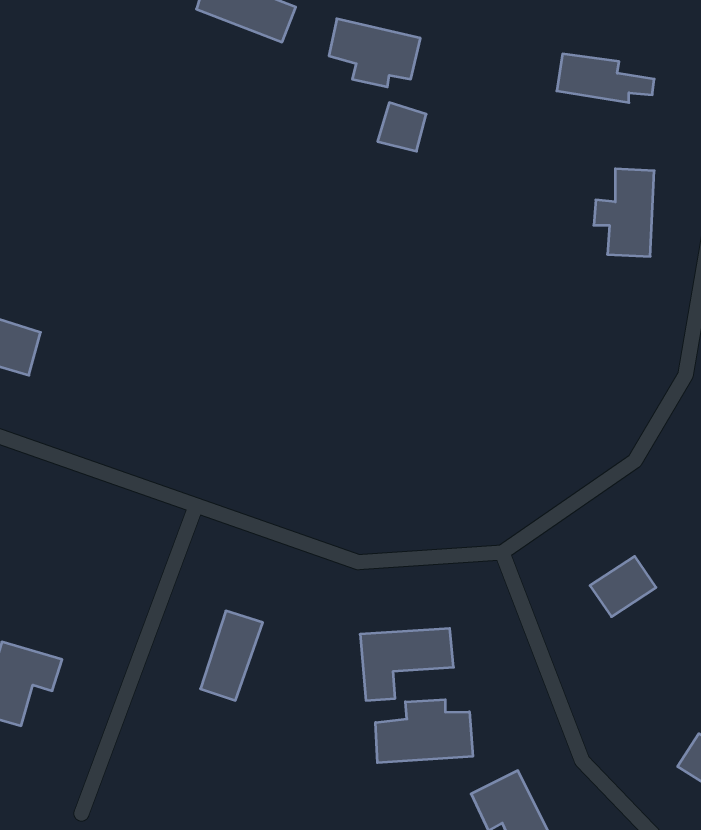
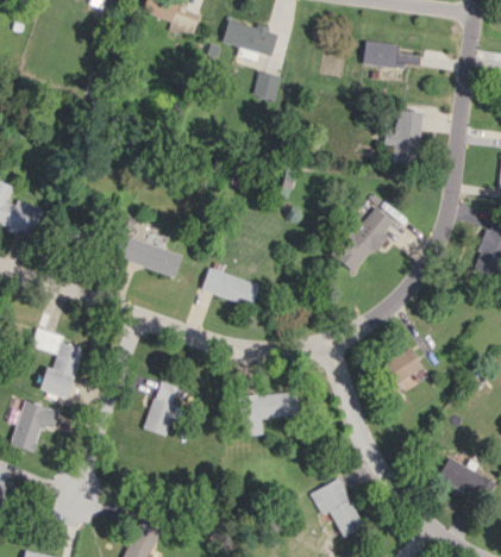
building: none -> [331,207,394,274]
building: none -> [121,237,182,276]
building: none -> [201,267,259,308]
building: none -> [31,327,82,398]
building: [376,700,473,763] -> none

